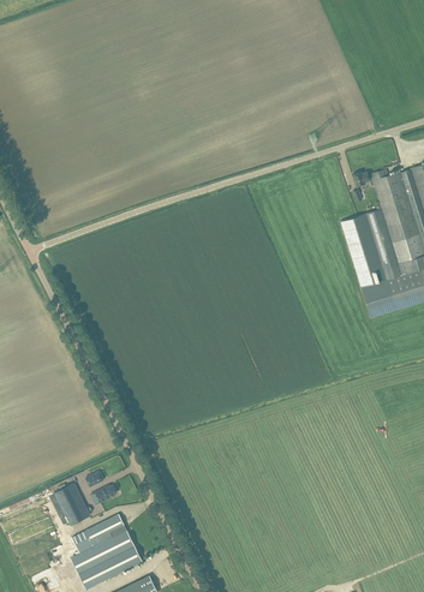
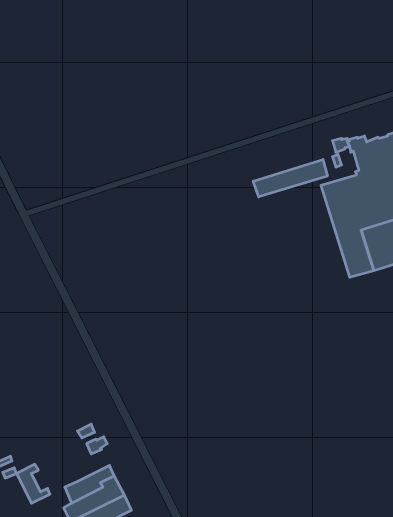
building: none -> [253,159,327,197]
building: [54,483,89,524] -> [17,464,50,503]

